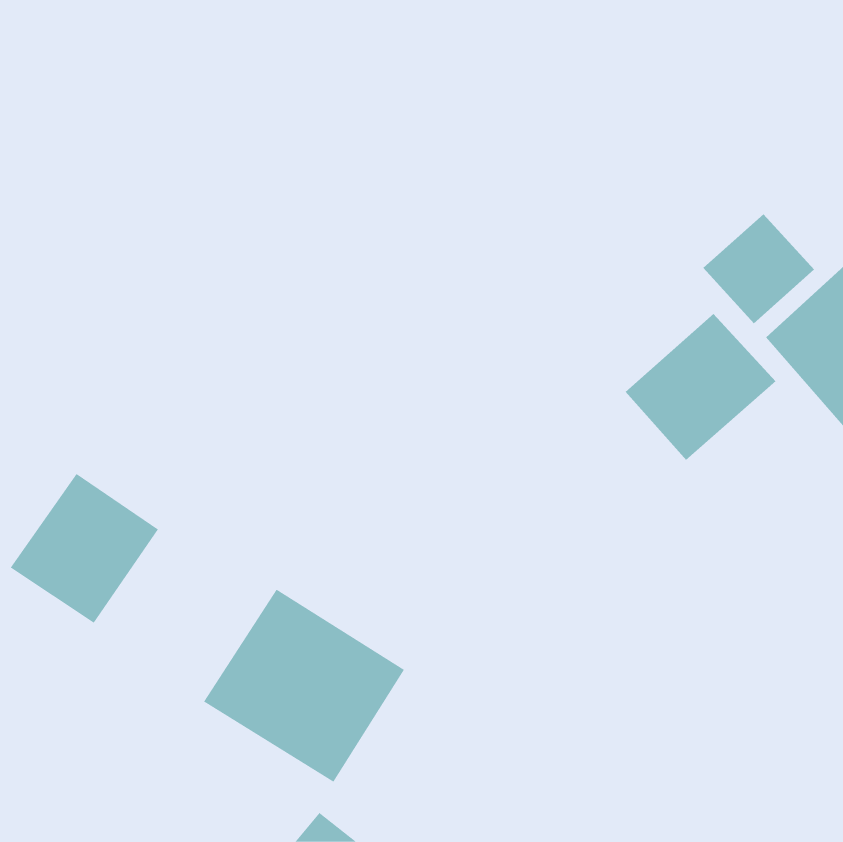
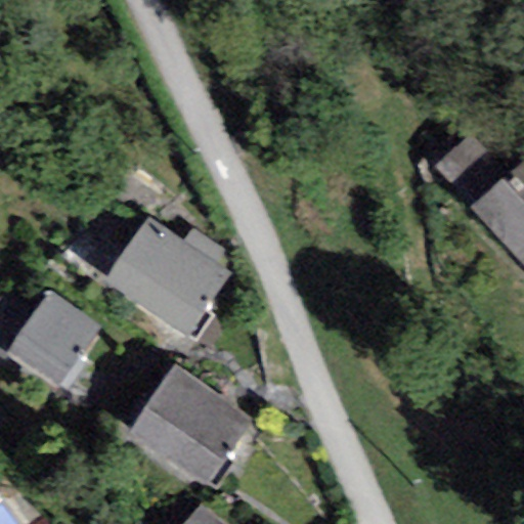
building: [625,313,777,461] -> none
building: none -> [103,216,231,338]

